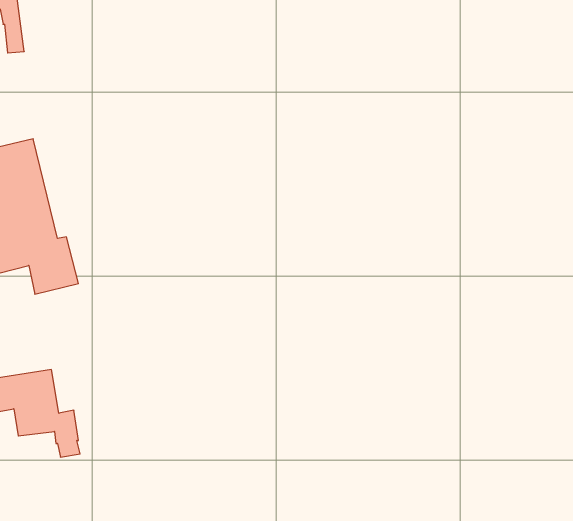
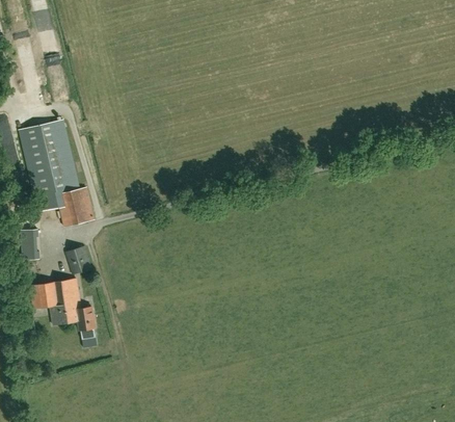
building: none -> [64,244,90,273]

